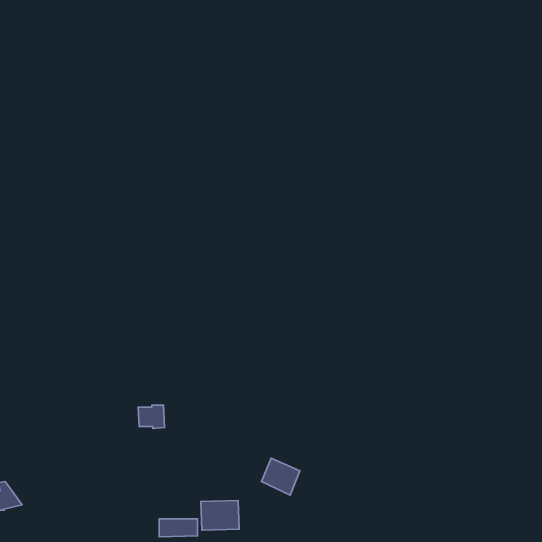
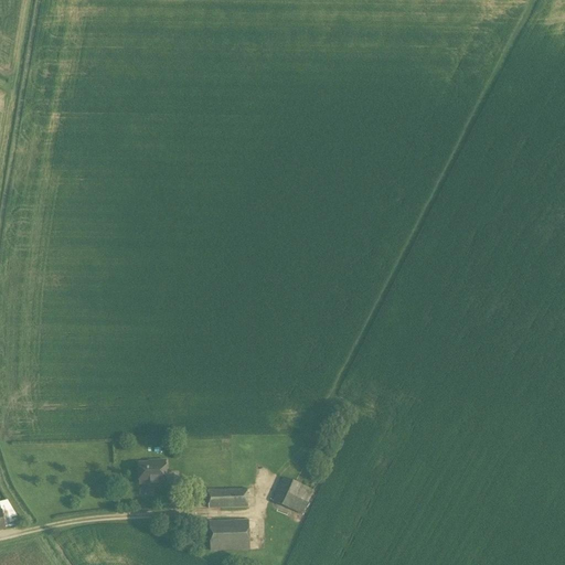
building: [138,405,165,429] -> [138,460,166,484]
building: [159,519,197,537] -> [206,489,246,508]

